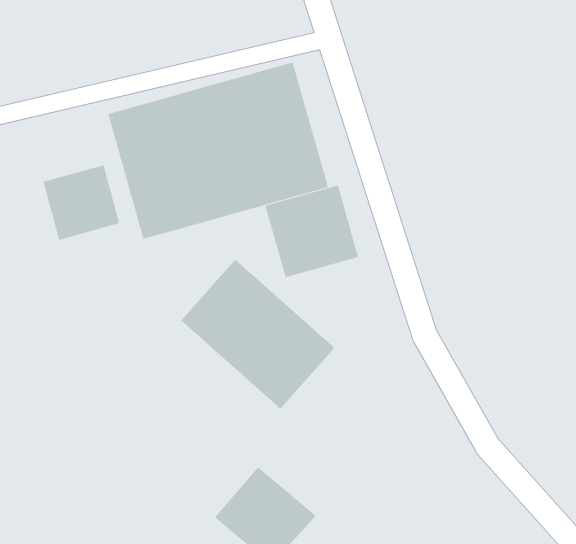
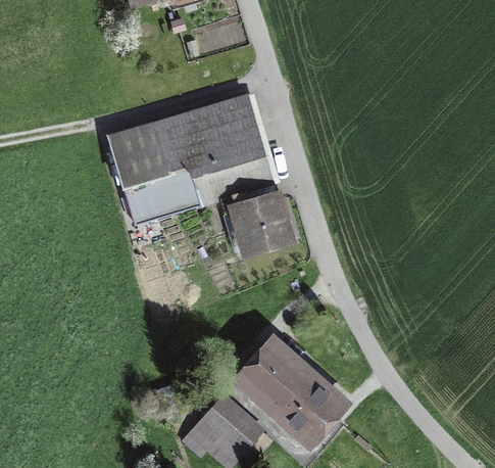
building: [43,164,120,241] -> none
building: [181,259,335,409] -> [234,335,349,448]

